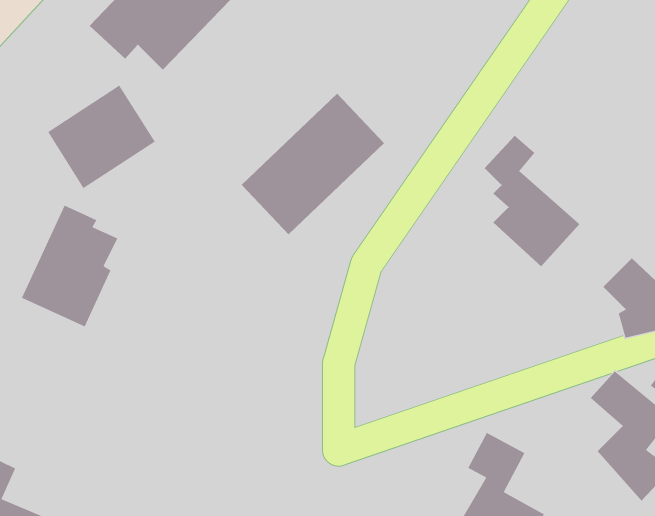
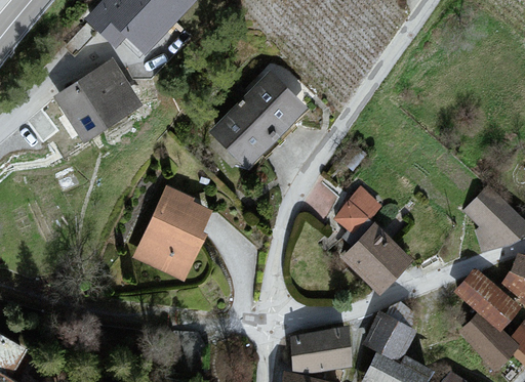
building: [484,135,580,267] -> [337,194,408,291]
building: [21,205,118,327] -> [135,187,207,278]
building: none -> [291,330,351,372]

